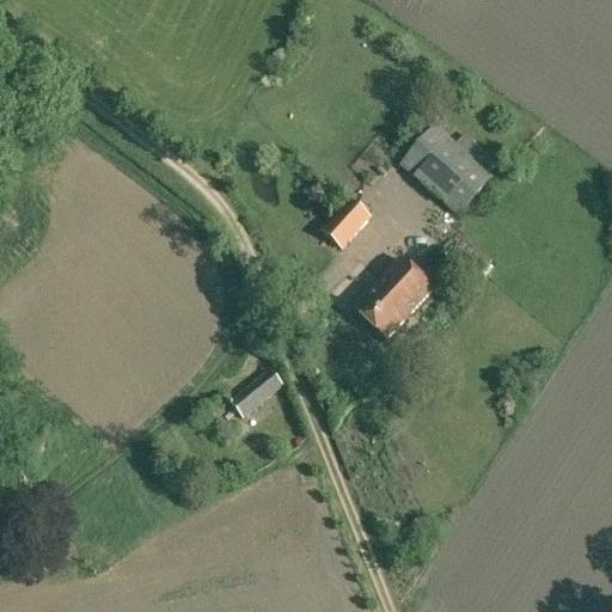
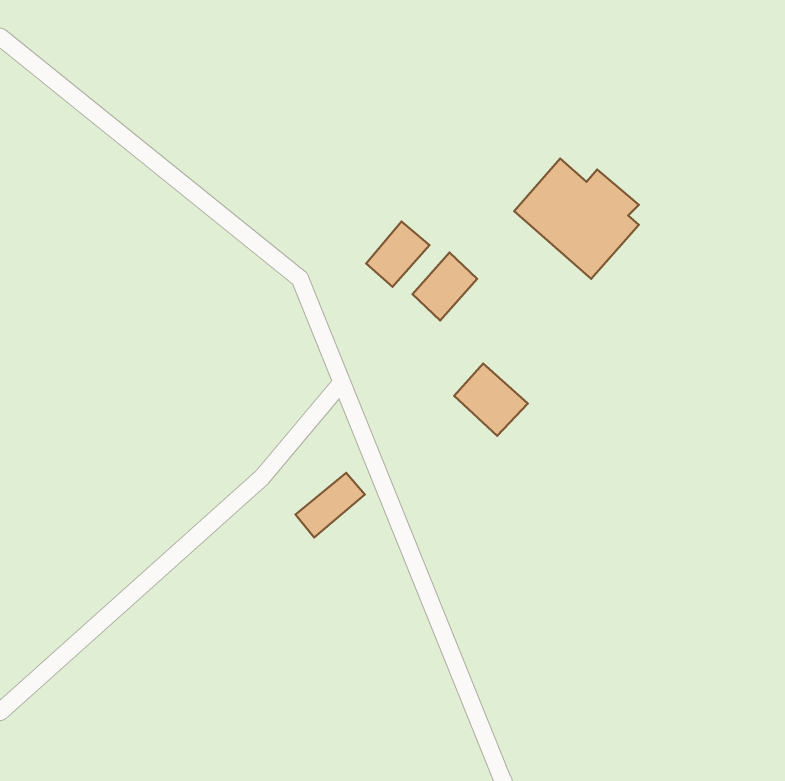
building: none -> [366,221,429,287]
building: [377,256,434,313] -> none

